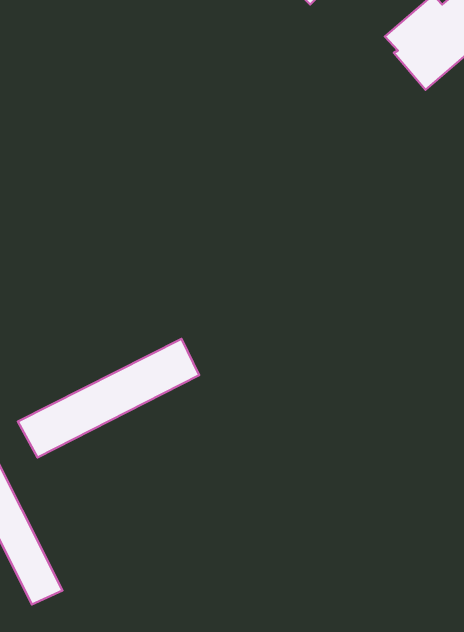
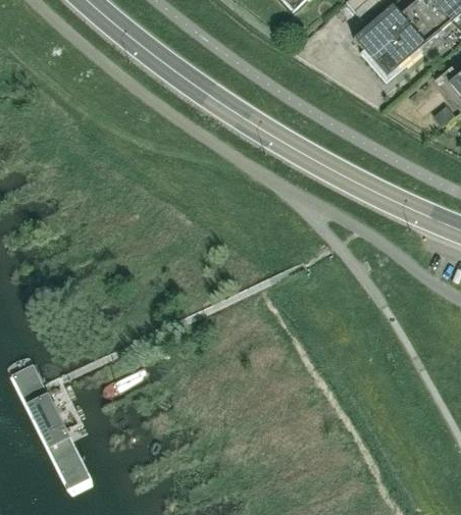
building: [18,339,199,458] -> none

